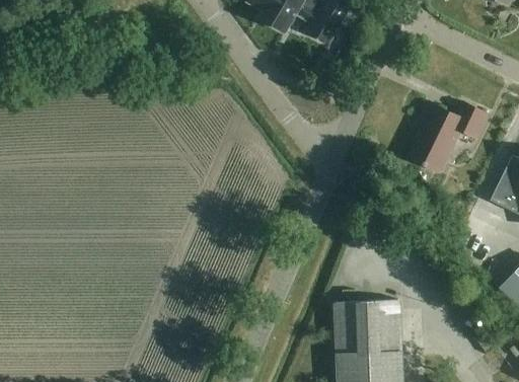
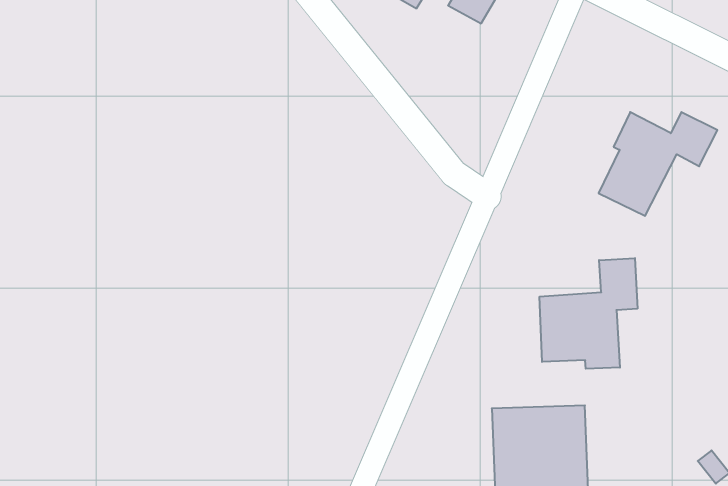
building: none -> [540,258,637,369]

